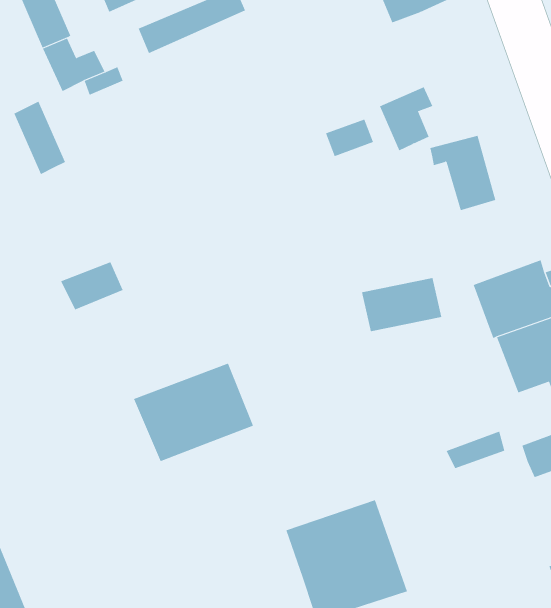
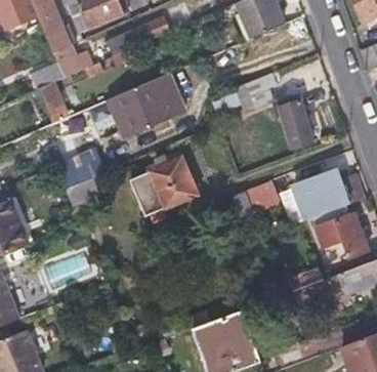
building: none -> [107,75,184,137]
building: none -> [53,146,102,184]
building: [133,363,254,462] -> [126,156,195,212]

